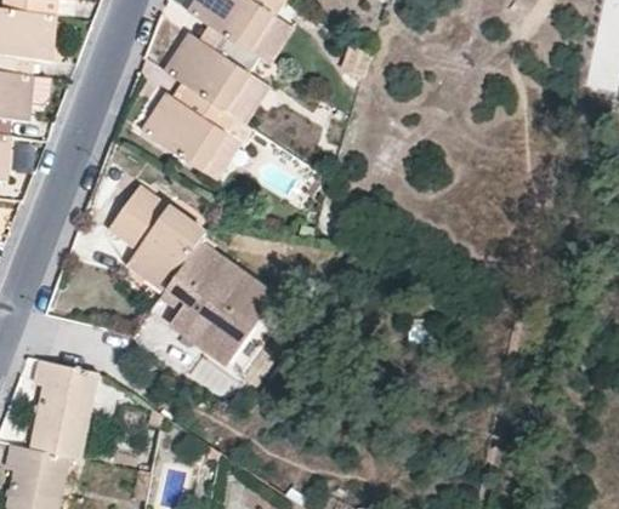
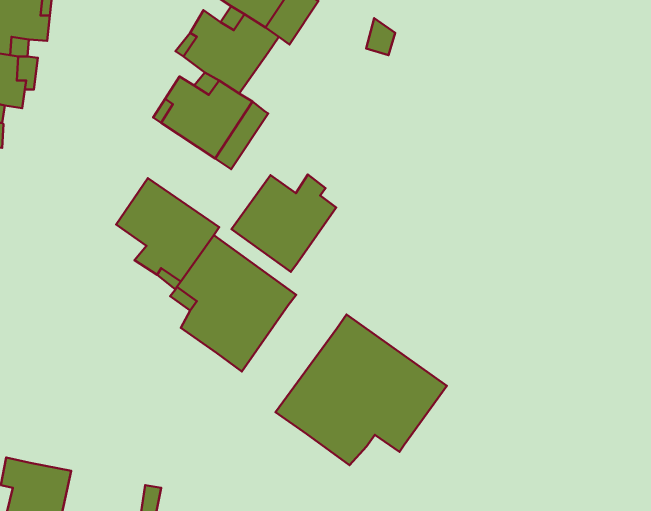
building: [221,72,271,125] -> none
building: none -> [232,174,336,272]
building: none -> [276,315,447,465]
building: [29,359,95,456] -> none

